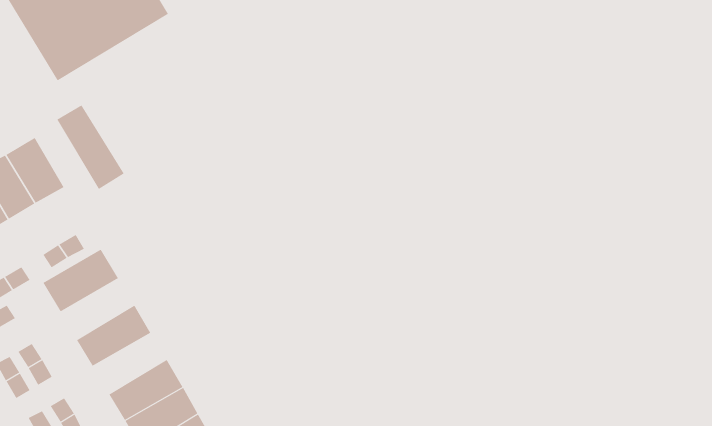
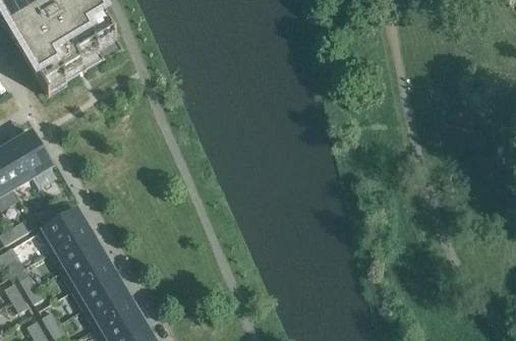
building: [57,105,124,190] -> none
building: none -> [48,226,100,269]
building: none -> [70,264,122,306]

